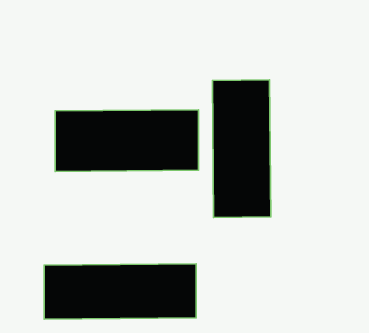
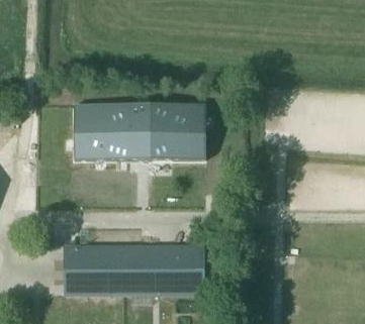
building: [212,80,271,218] -> none

